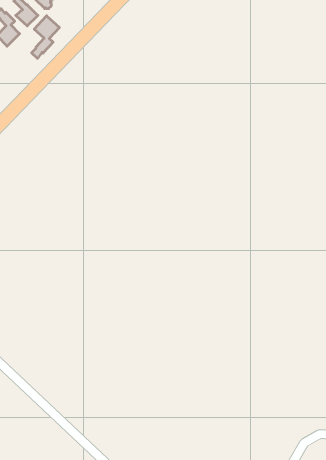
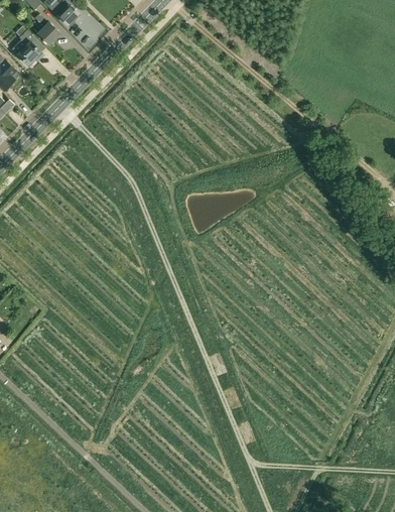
building: [32,16,59,58] -> none

